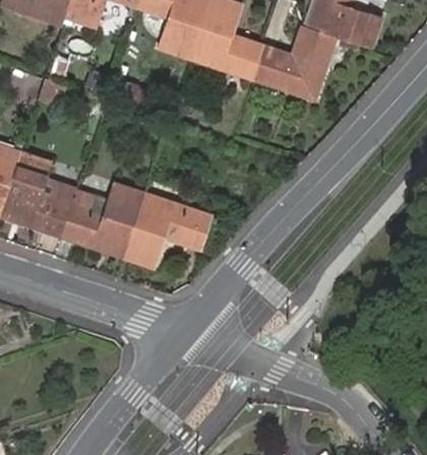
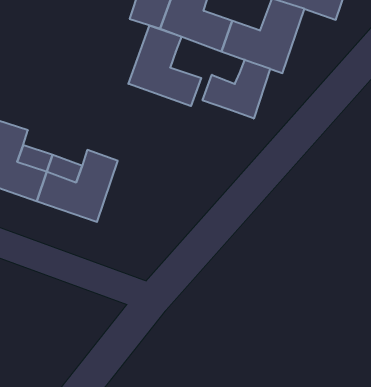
building: none -> [128,26,201,106]
building: none -> [203,60,270,119]
building: [123,194,209,268] -> none

